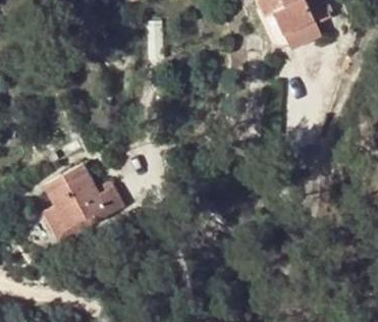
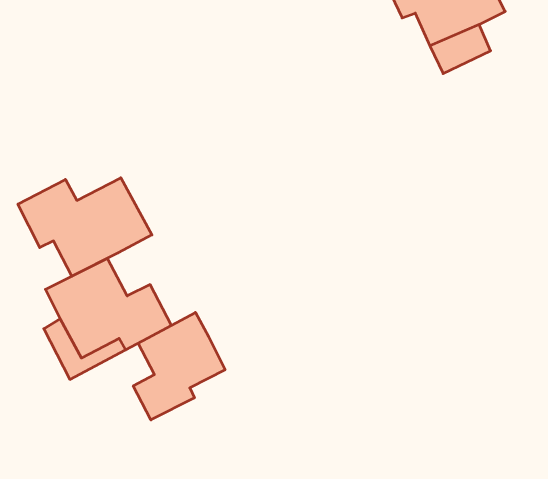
building: none -> [18,178,152,276]
building: none -> [133,312,225,420]

